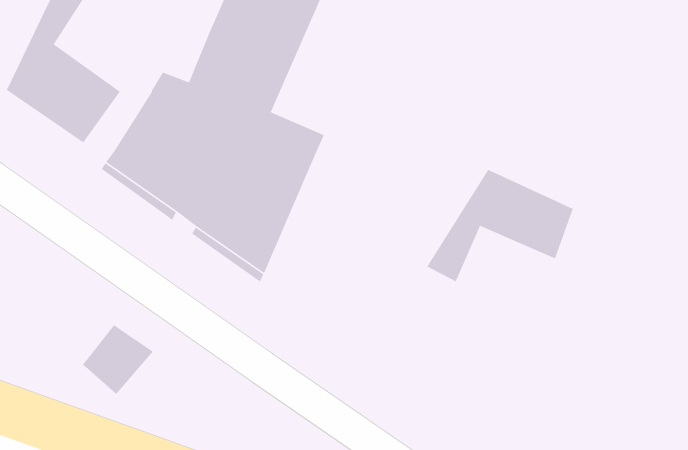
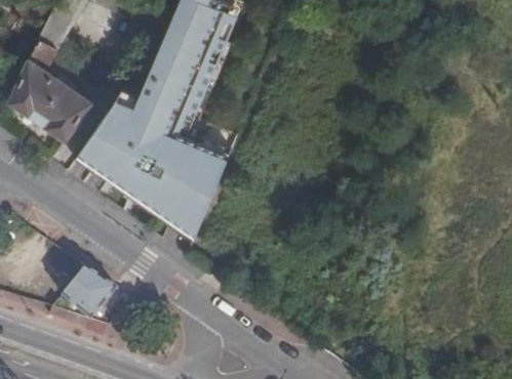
building: [426,169,574,283] -> none

